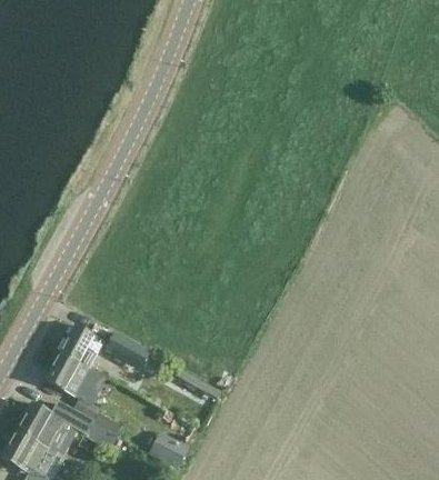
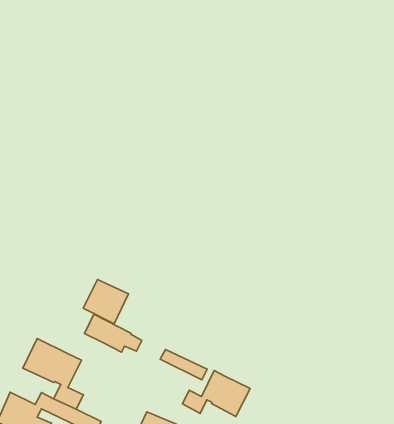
building: [61,326,106,369] -> [83,279,129,324]
building: none -> [182,371,250,417]

